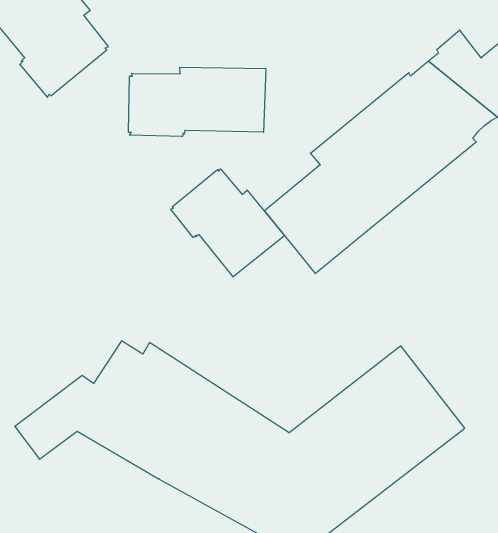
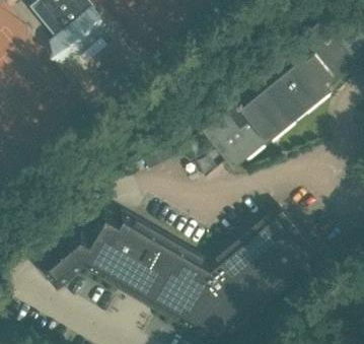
building: [129,67,266,137] -> none
building: [171,169,285,277] -> none

